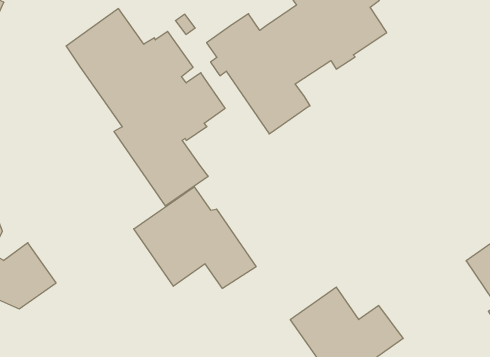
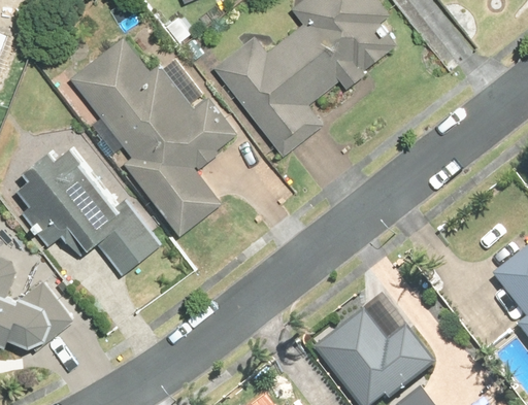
building: none -> [15,147,163,276]
building: [134,187,256,288] -> none

